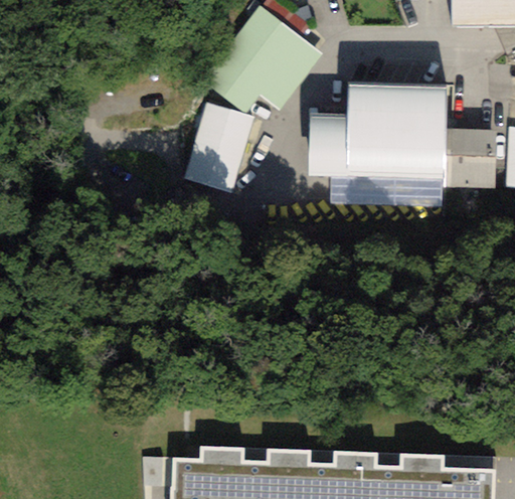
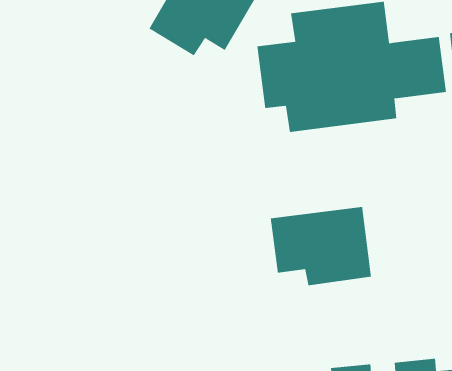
building: [182,102,254,192] -> none
building: none -> [270,206,372,286]

